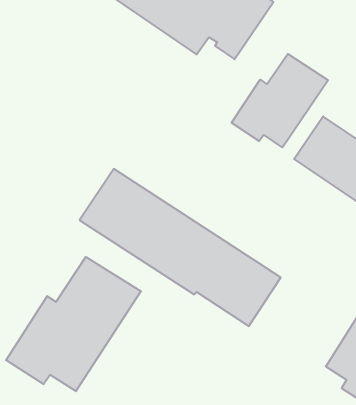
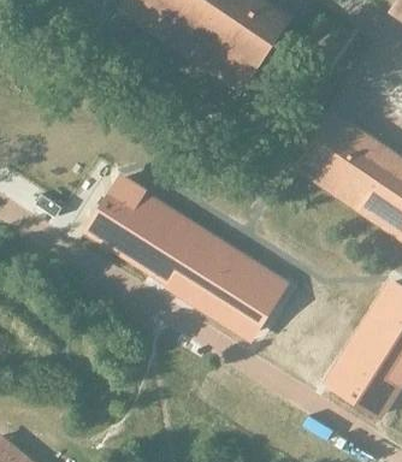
building: [232,54,328,147] -> none
building: [6,257,141,391] -> none

